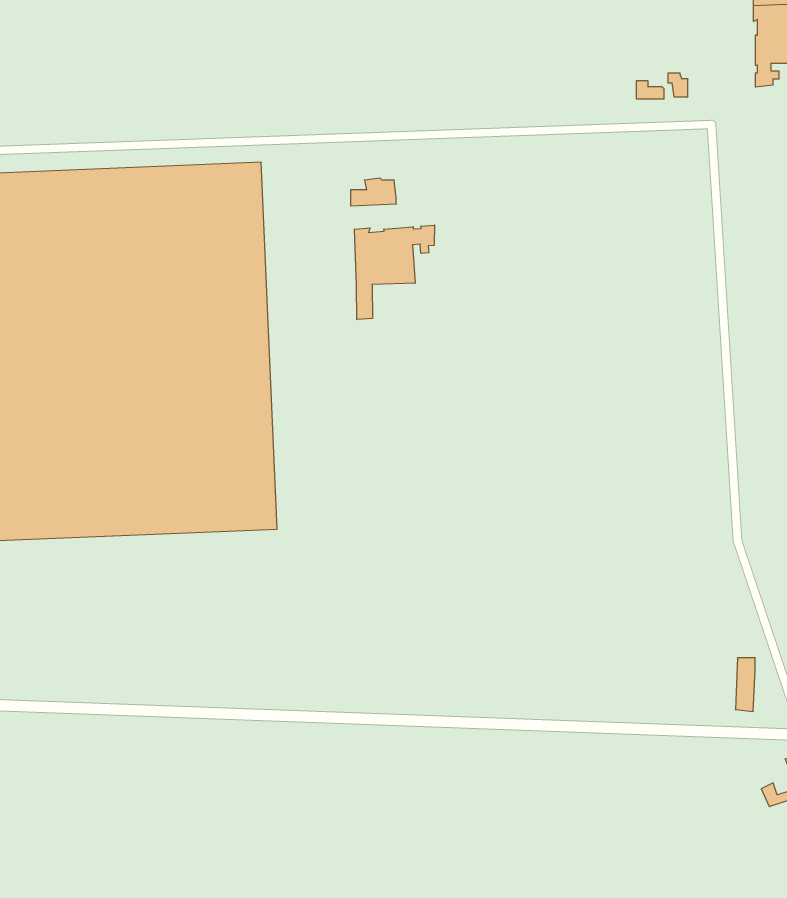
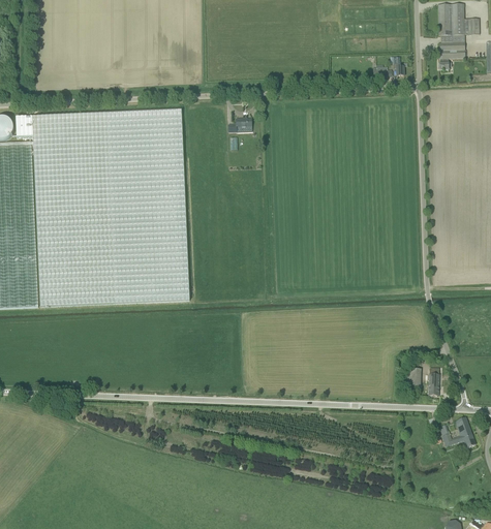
building: [354,225,435,320] -> none

